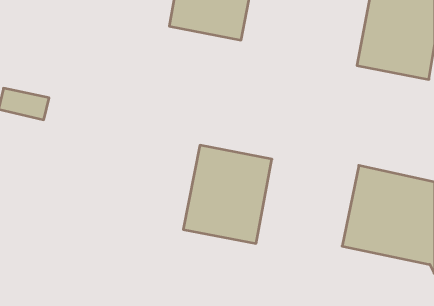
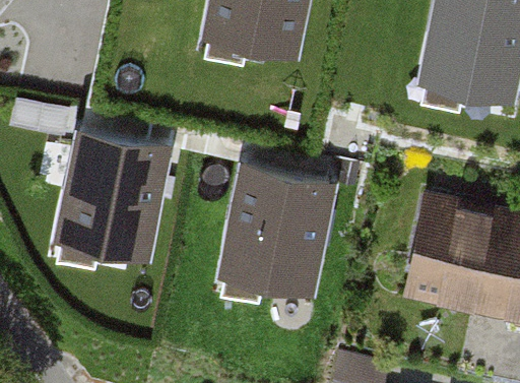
building: none -> [63,139,166,253]

